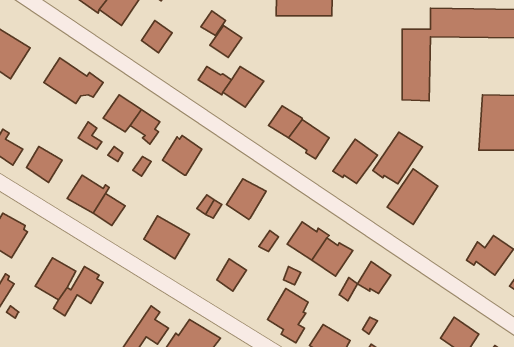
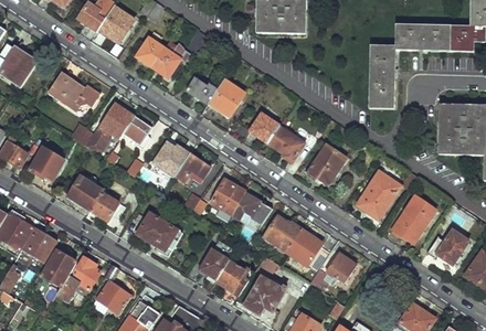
building: [210,25,242,57] -> [150,49,179,77]
building: [373,132,422,184] -> [391,195,435,242]
building: none -> [175,152,209,183]
building: none -> [232,192,265,218]
building: none -> [24,228,56,260]
building: none -> [216,260,253,297]
building: none -> [98,264,130,313]

